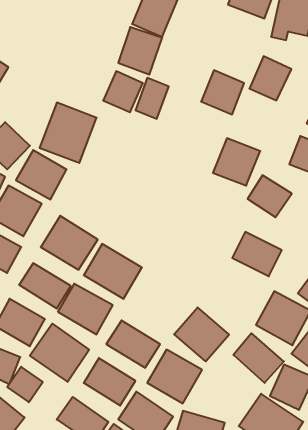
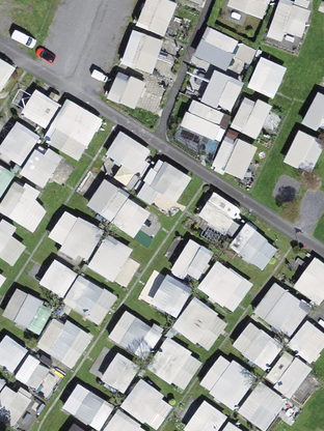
building: none -> [193,26,239,69]
building: none -> [20,89,59,128]
building: none -> [231,95,272,139]
building: none -> [181,98,225,140]
building: none -> [104,131,153,176]
building: none -> [145,161,192,204]
building: [248,175,292,217] -> [198,192,241,232]
building: none -> [84,176,148,236]
building: none -> [161,234,211,281]
building: none -> [199,261,252,311]
building: none -> [148,275,190,316]
building: none -> [198,354,254,408]

